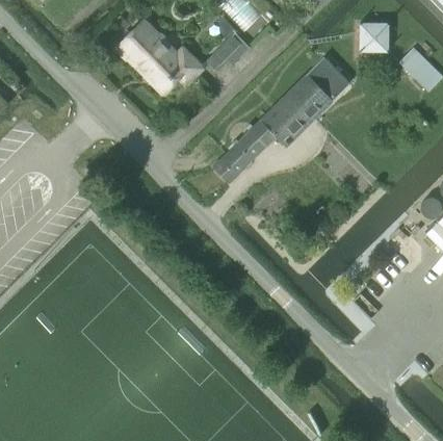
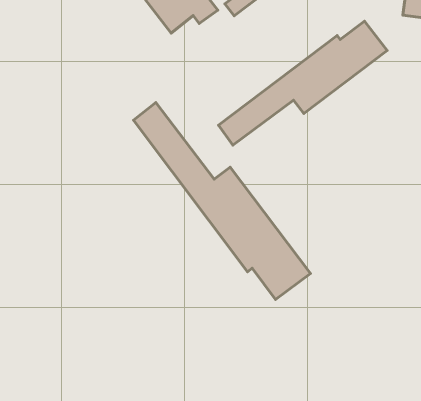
building: none -> [134,102,311,299]

